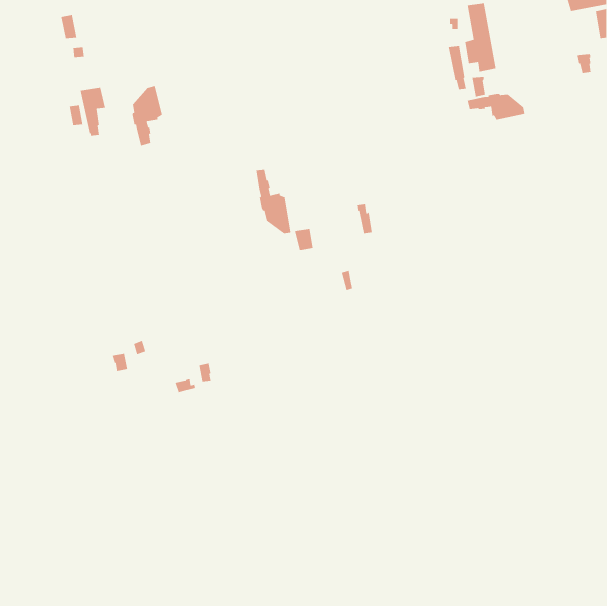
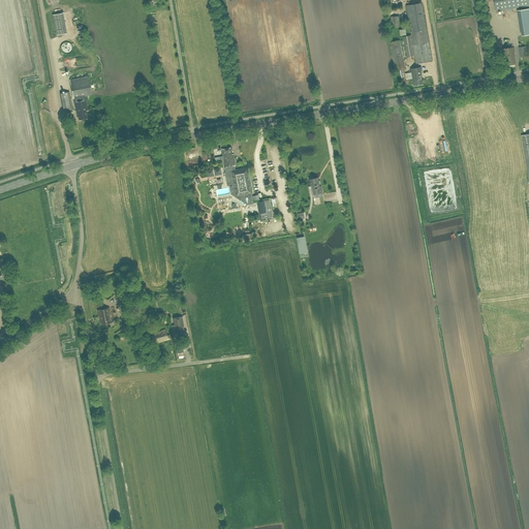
building: [132,85,163,146] -> none
building: [467,93,526,121] -> none

